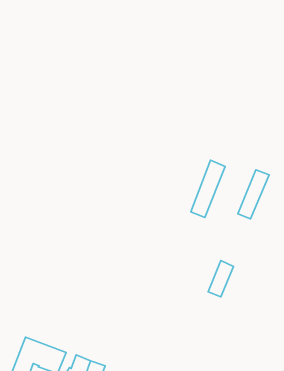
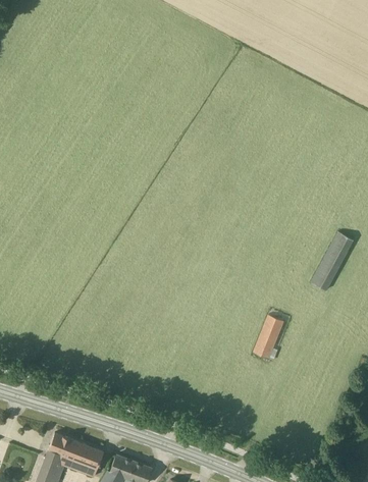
building: [191,160,225,217] -> none
building: [208,261,233,297] -> [254,316,284,360]

